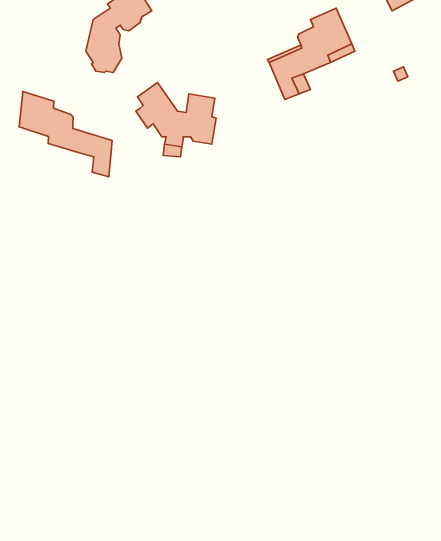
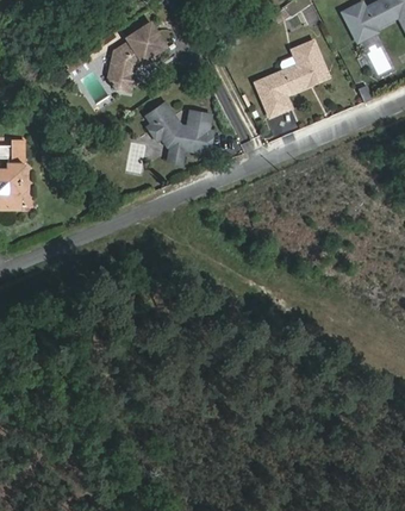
building: [19,92,112,177] -> none

